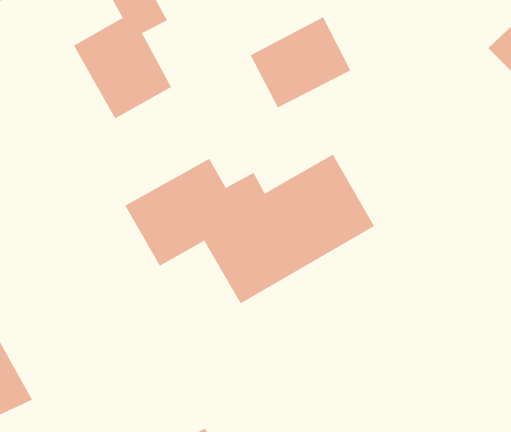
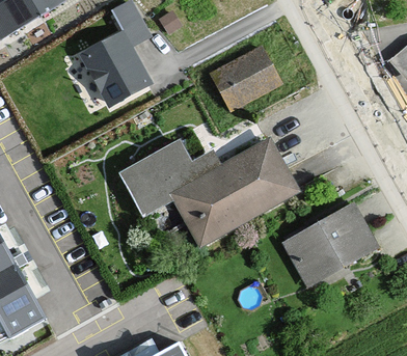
building: none -> [280,201,378,287]

